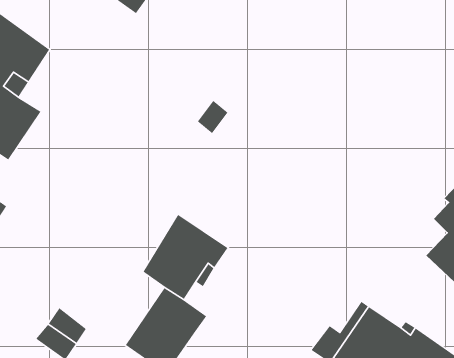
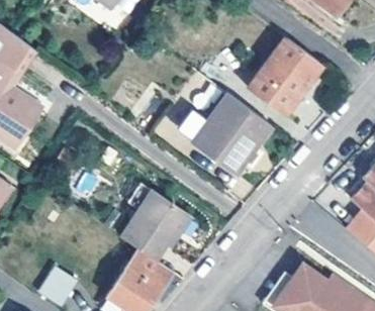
building: none -> [251,37,322,113]
building: none -> [194,94,274,174]

